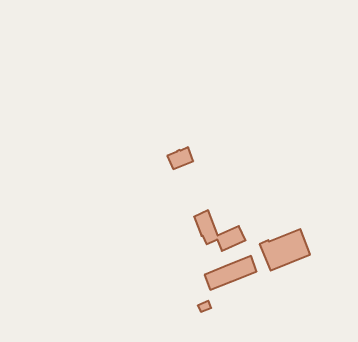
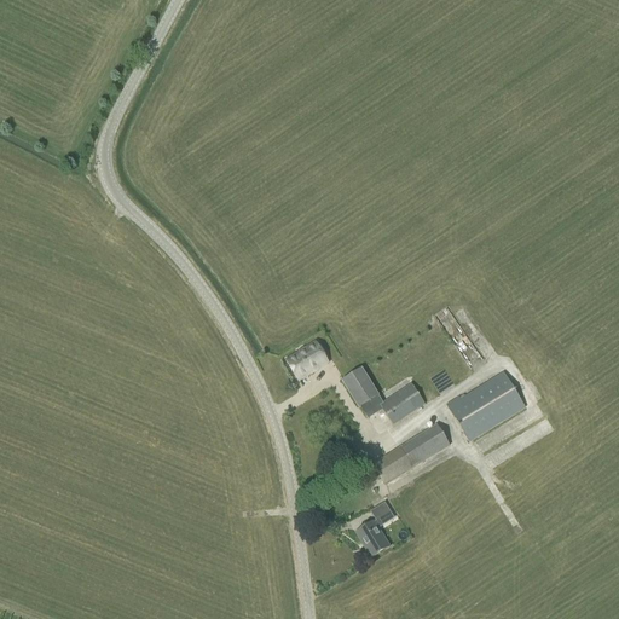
building: [167,147,193,169] -> [288,341,328,377]
building: none -> [357,520,389,556]

